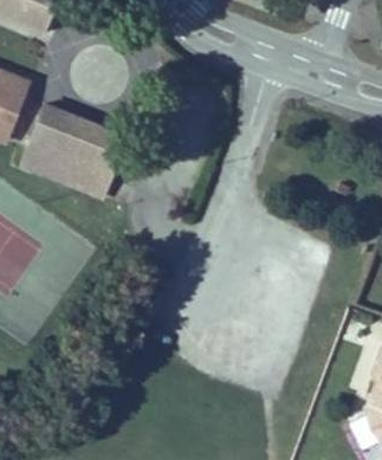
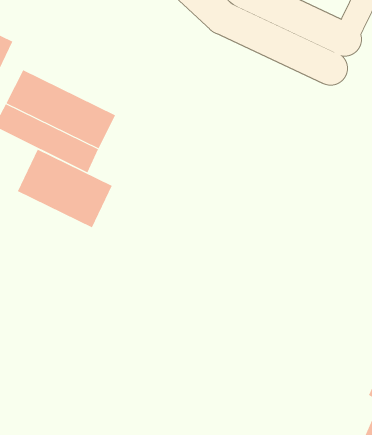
building: none -> [17,149,113,228]

